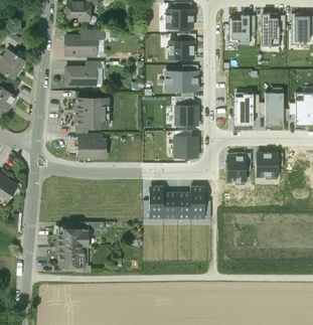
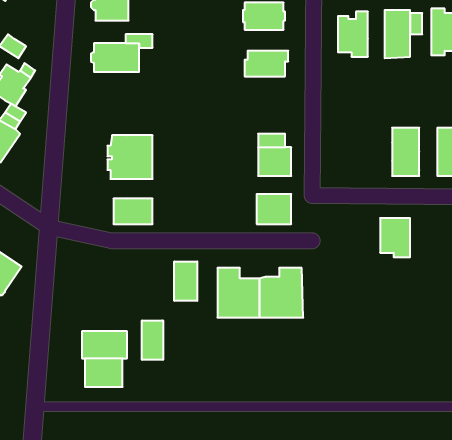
building: [66,67,95,86] -> none
building: [166,71,198,91] -> none
building: [236,94,254,125] -> none
building: [225,153,246,185] -> none
building: none -> [174,261,197,301]
building: none -> [142,320,163,360]

